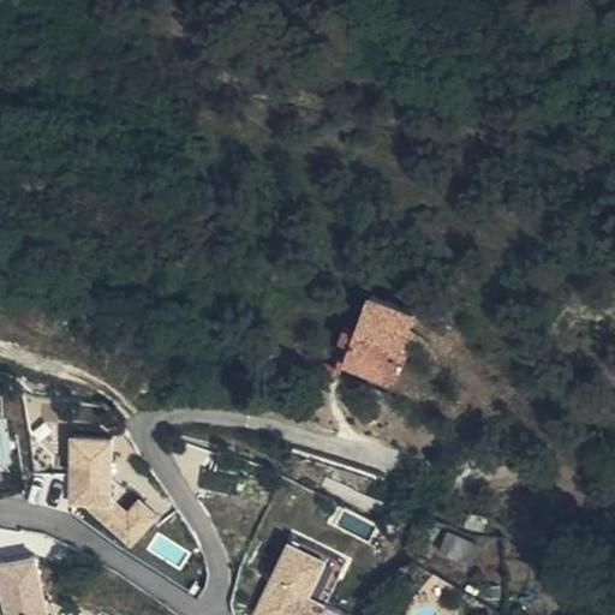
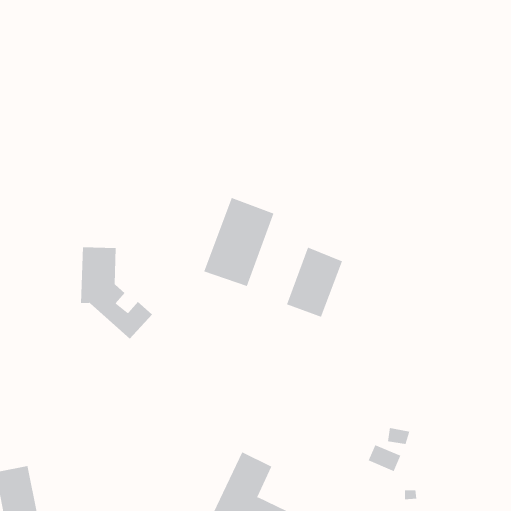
building: none -> [204,197,274,287]
building: [68,437,155,548] -> [80,247,153,340]

